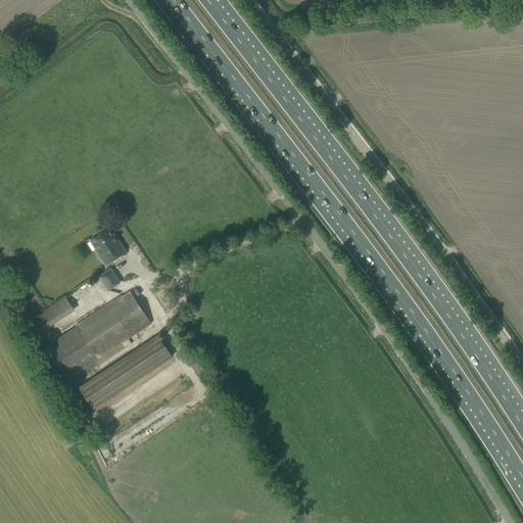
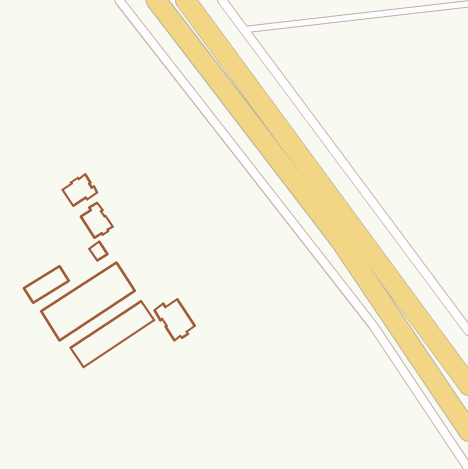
building: none -> [63,174,97,206]
building: none -> [155,299,195,341]

